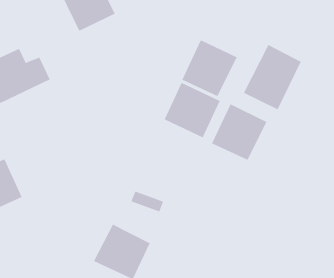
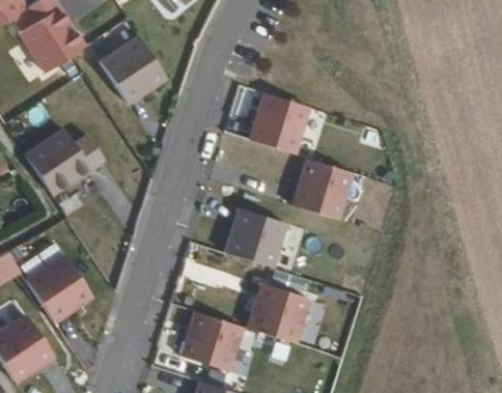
building: [243,44,302,110] -> none
building: [164,82,220,138] -> [225,207,285,266]
building: none -> [248,284,309,342]

